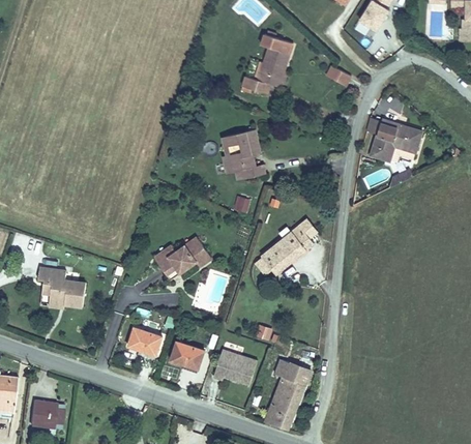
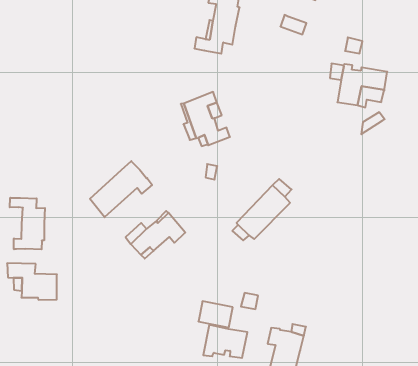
building: none -> [90,161,152,217]
building: none -> [10,198,45,249]
building: [128,327,161,354] -> none
building: [171,341,205,368] -> [198,301,233,327]

